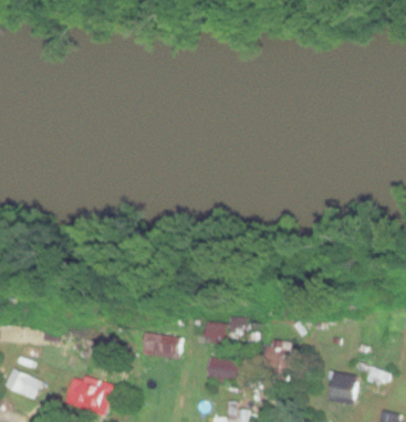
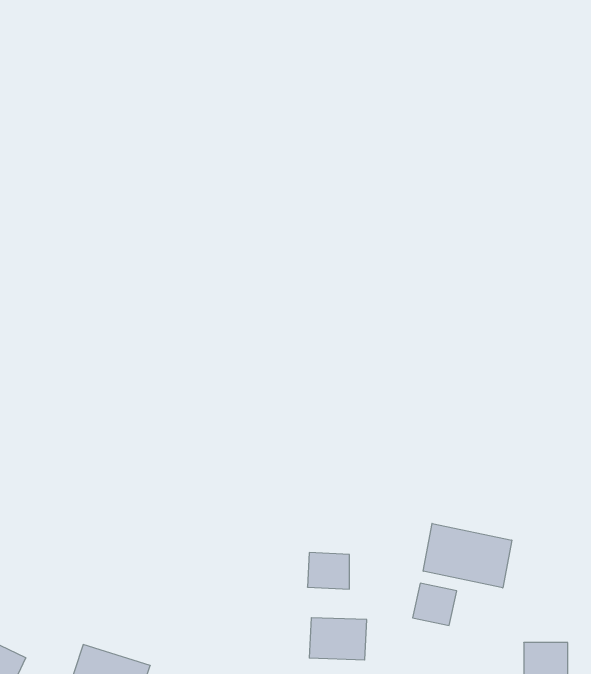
building: none -> [423,523,512,588]
building: [142,333,179,357] -> none

